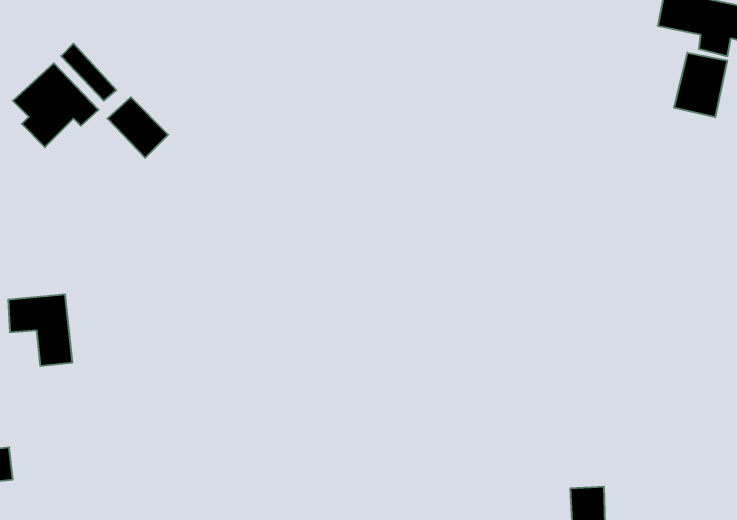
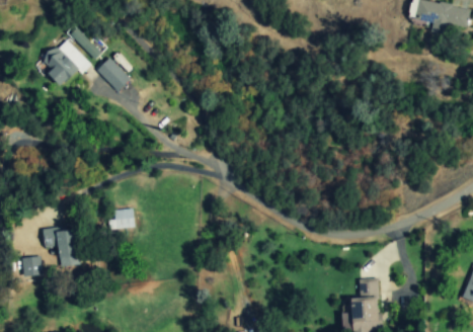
building: [674,53,727,117] -> none
building: [8,294,72,366] -> [43,227,79,267]
building: none -> [108,209,135,230]

